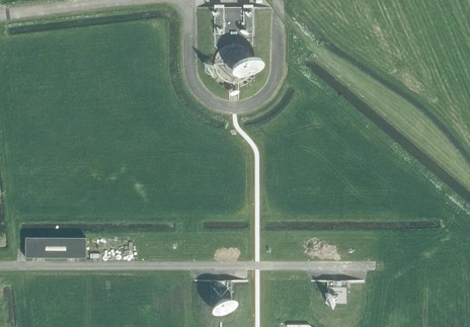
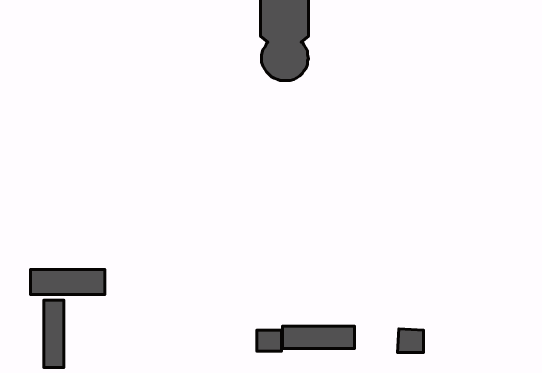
building: none -> [44,300,64,367]
building: none -> [283,326,355,349]

